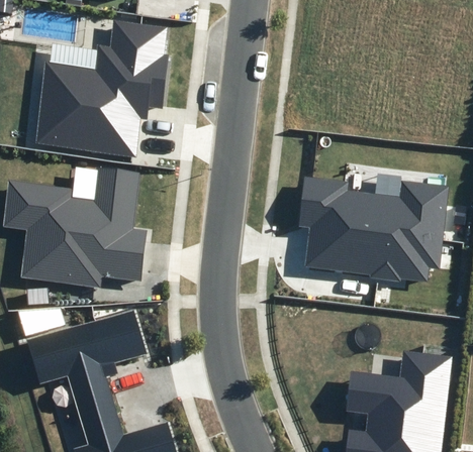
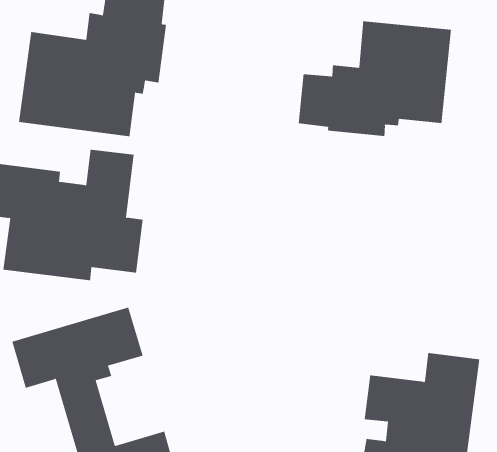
building: none -> [298,21,451,137]
building: [297,176,447,282] -> none

